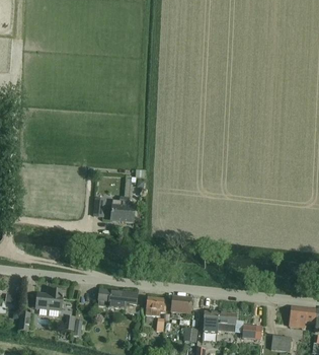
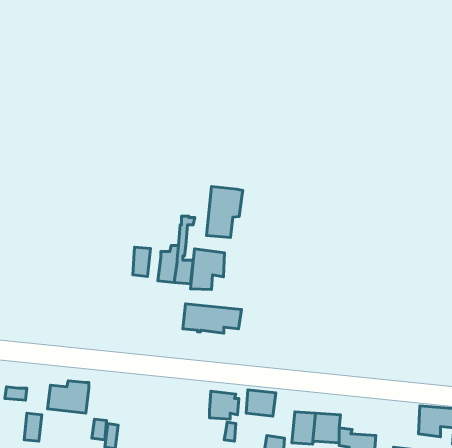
building: none -> [206,187,243,238]
building: none -> [190,249,225,289]
building: [98,289,139,309] -> [183,304,242,333]

